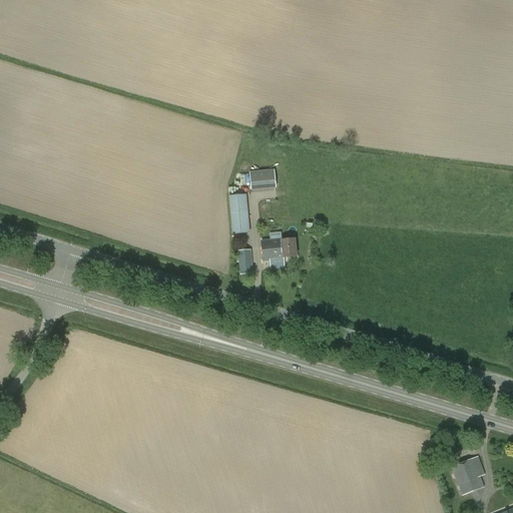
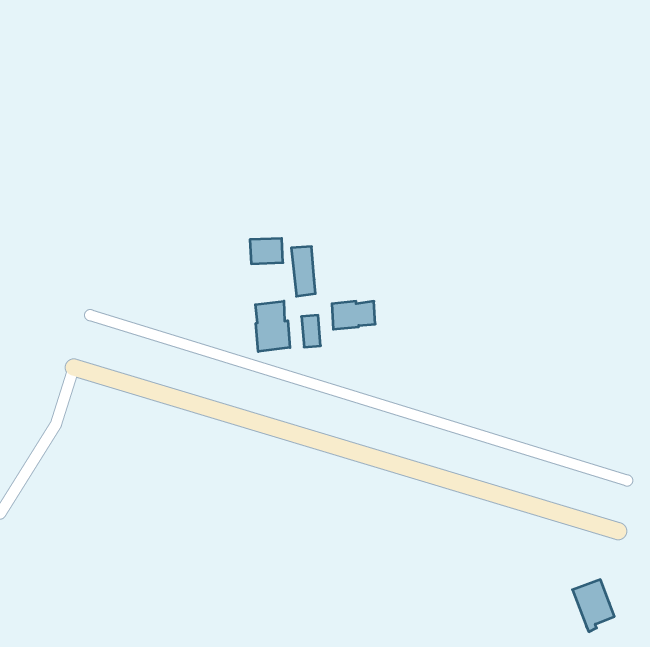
building: [250,167,277,187] -> [250,238,283,264]
building: none -> [255,301,290,352]

